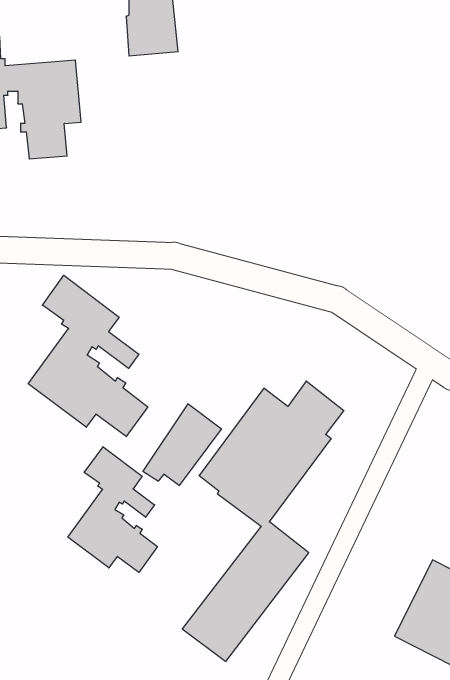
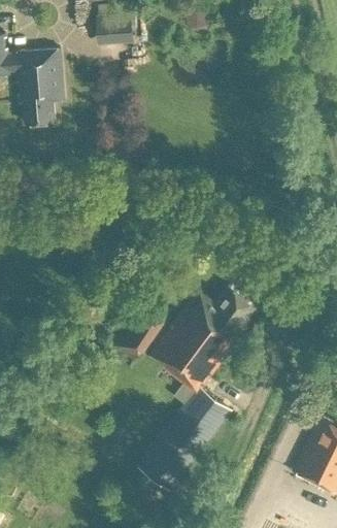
building: [28,275,148,437] -> none
building: [68,447,157,572] -> none

